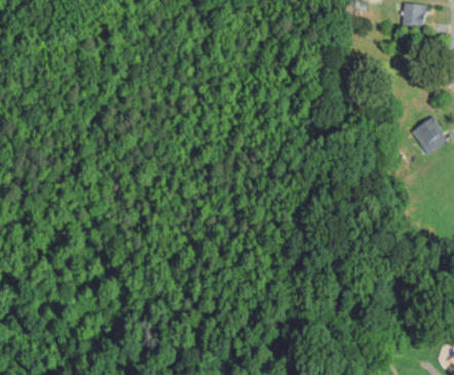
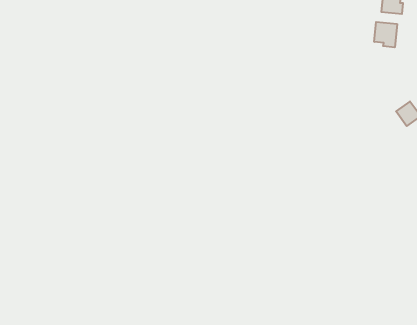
building: none -> [374,22,397,47]

